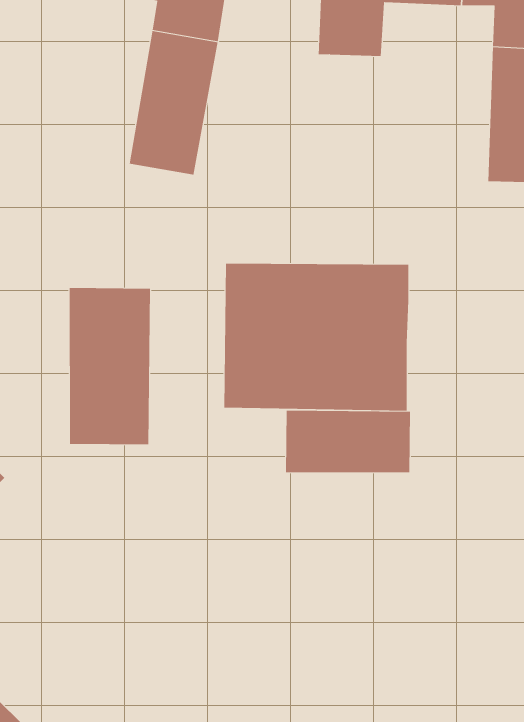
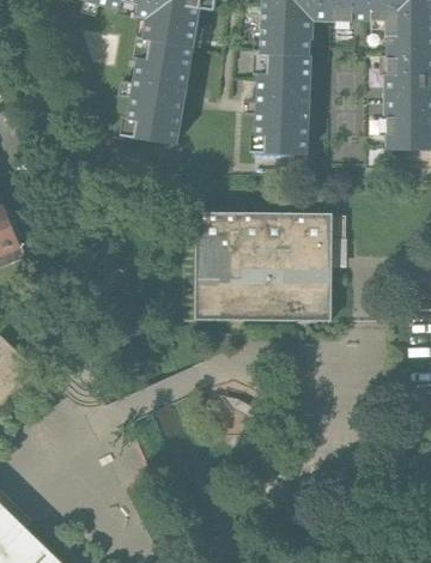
building: none -> [256,57,310,157]
building: [69,287,150,445] -> none
building: [285,410,410,473] -> none

